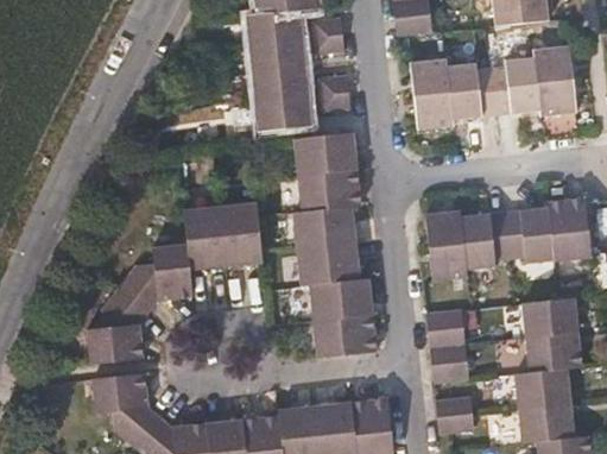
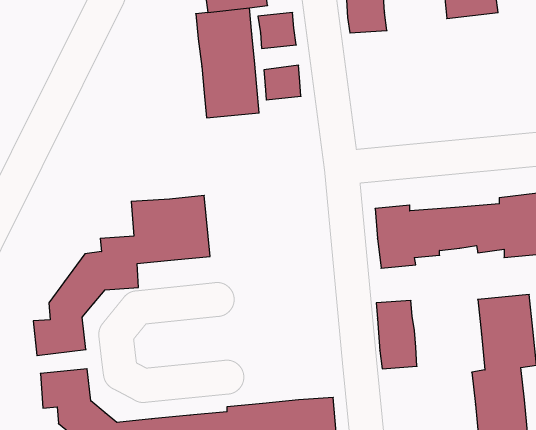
building: [412,48,576,130] -> none
building: [295,126,375,358] -> none
building: [434,387,472,423] -> none

